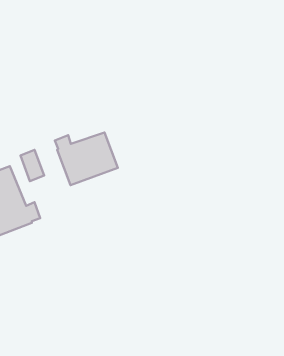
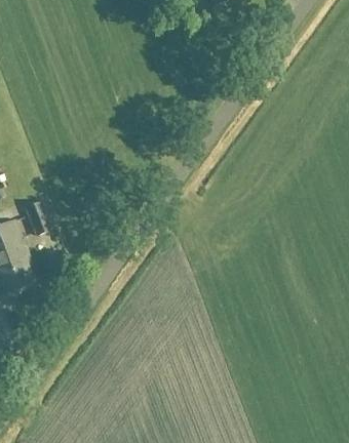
building: [55,132,118,185] -> none

